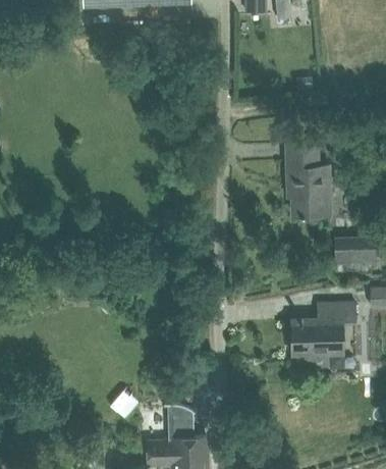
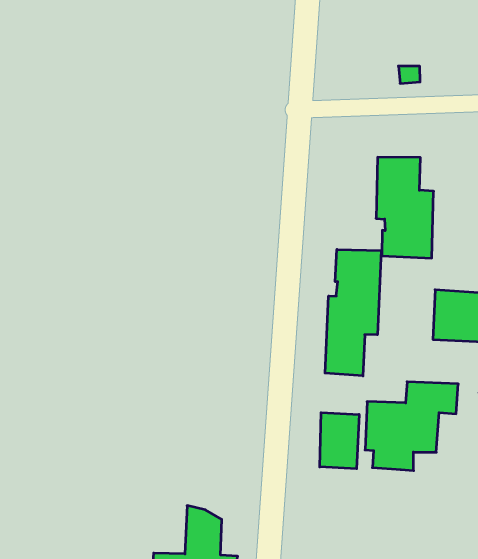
building: none -> [325,249,381,376]
building: none -> [320,413,359,469]

